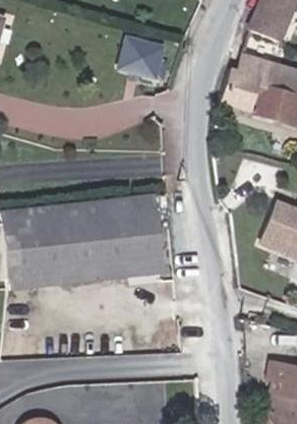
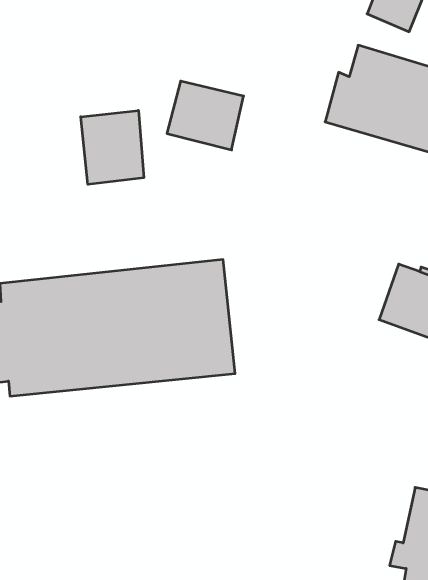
building: [124,34,176,80] -> [167,81,244,150]
building: none -> [81,110,144,184]

